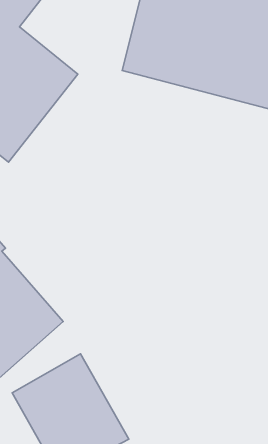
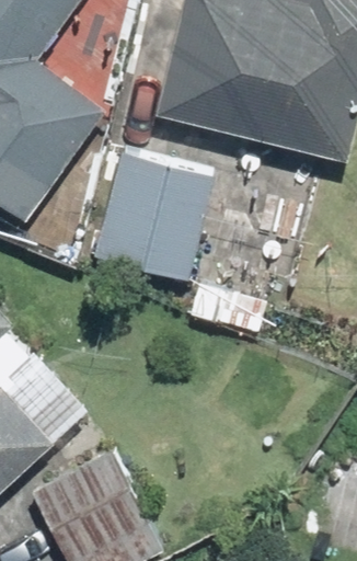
building: none -> [87,144,220,286]

